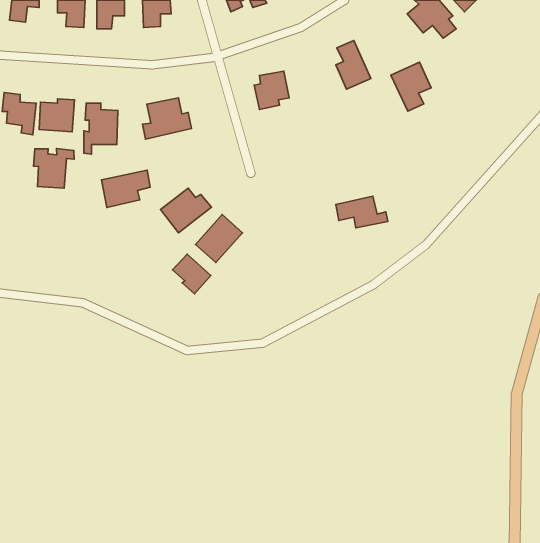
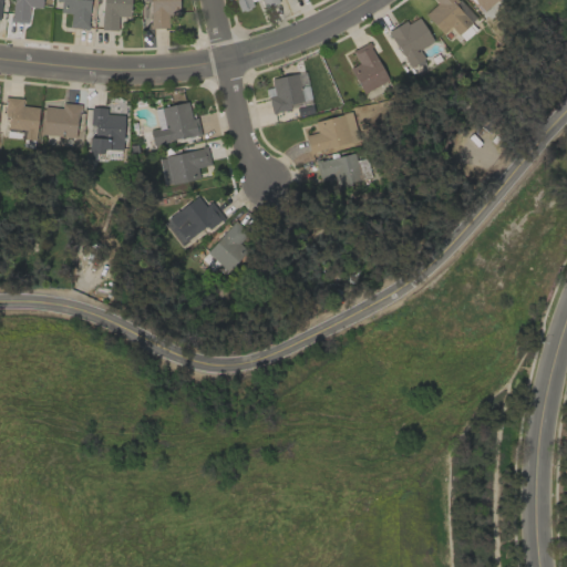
building: [391,62,431,111] -> [392,17,434,68]
building: none -> [308,112,360,153]
building: [33,149,74,188] -> none
building: [101,170,150,207] -> [162,147,213,186]
building: [336,196,388,228] -> [318,153,372,186]
building: [172,254,211,294] -> none

